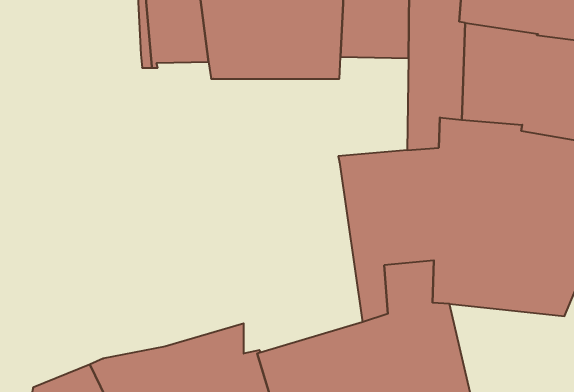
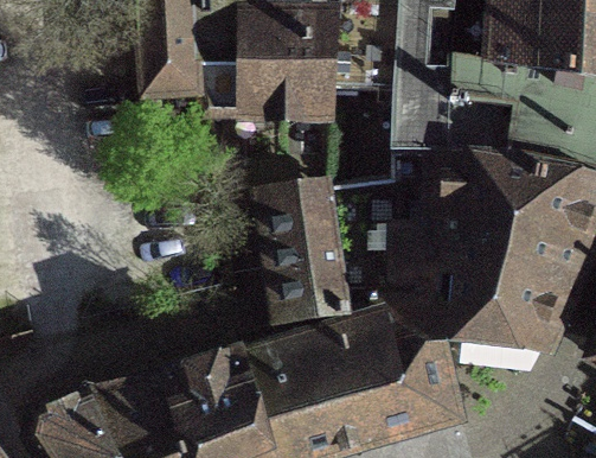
building: none -> [244,197,360,384]

